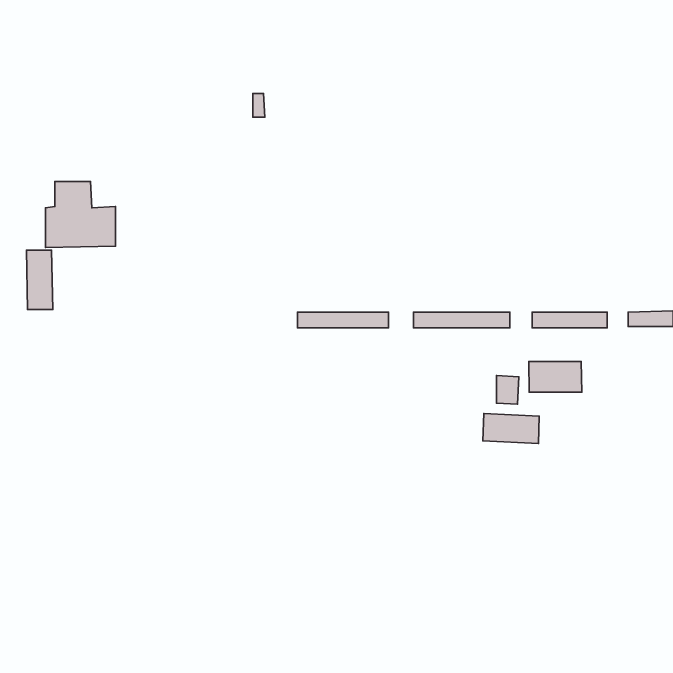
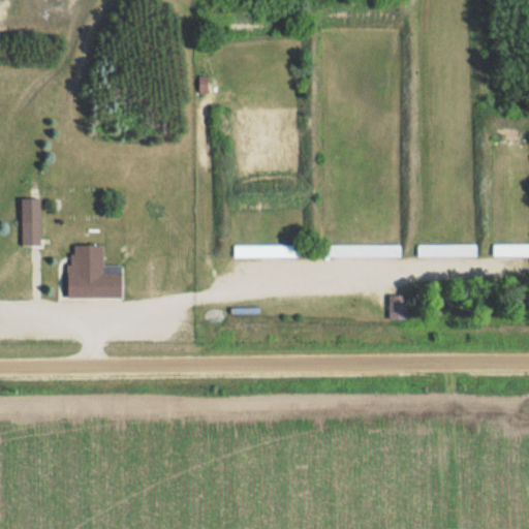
building: [46,182,115,247] -> [67,244,122,295]
building: [529,362,582,392] -> none
building: [483,414,539,443] -> none

